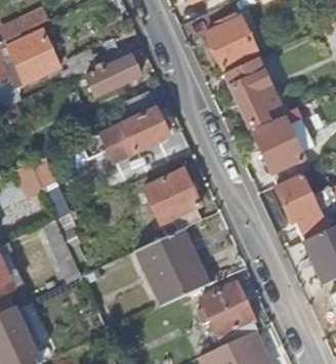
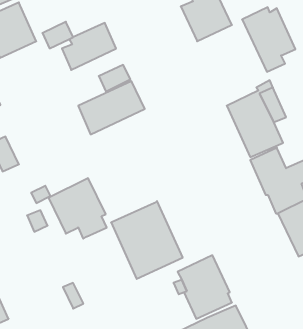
building: [224,62,278,126] -> [242,7,295,72]
building: [144,170,203,231] -> [48,178,107,239]

